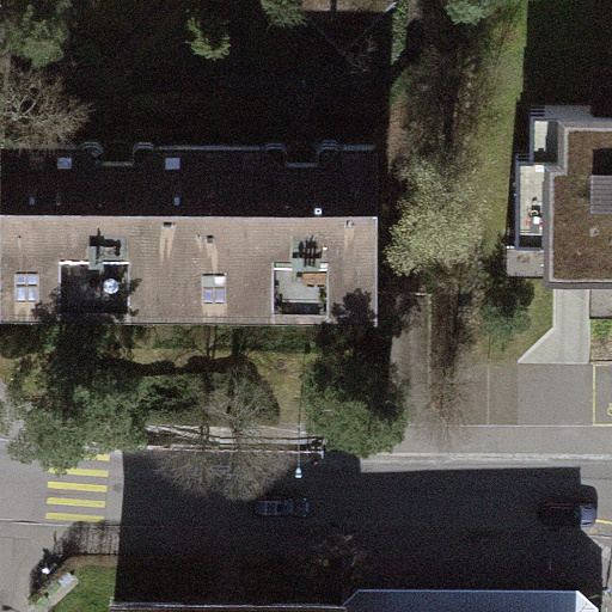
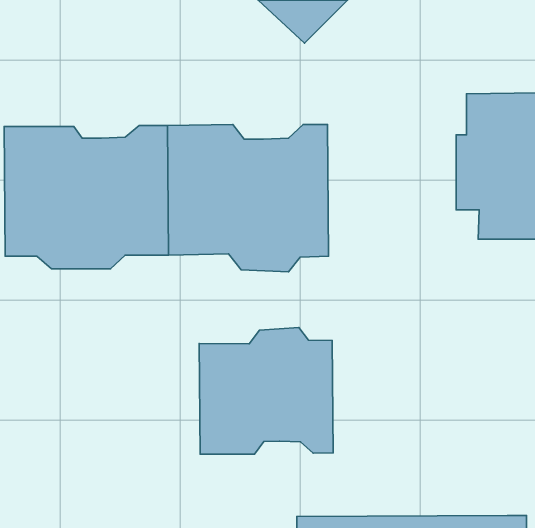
building: none -> [199,328,333,454]

